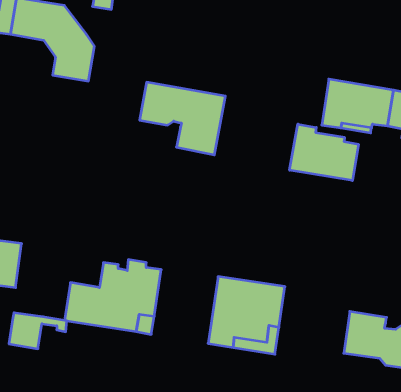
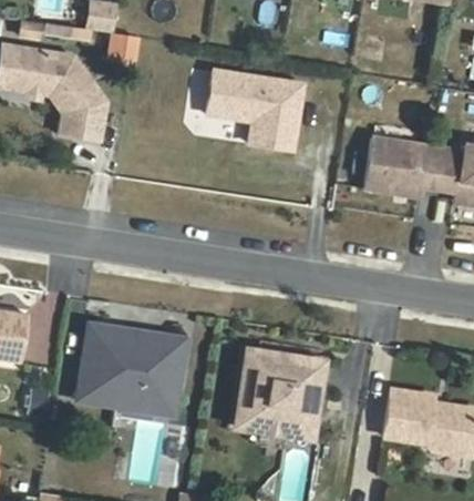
building: [140,82,225,155] -> [205,69,300,150]
building: [290,124,358,181] -> none
building: [9,313,67,349] -> [83,325,147,365]

